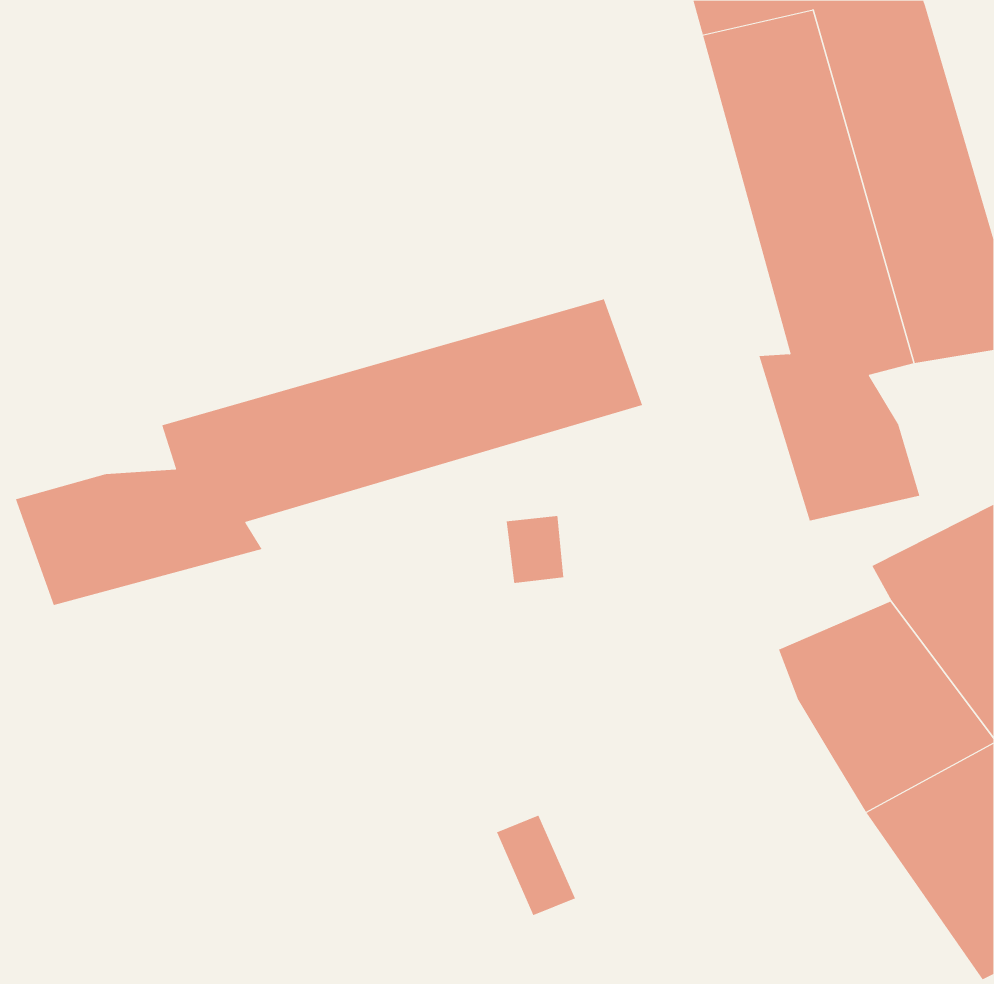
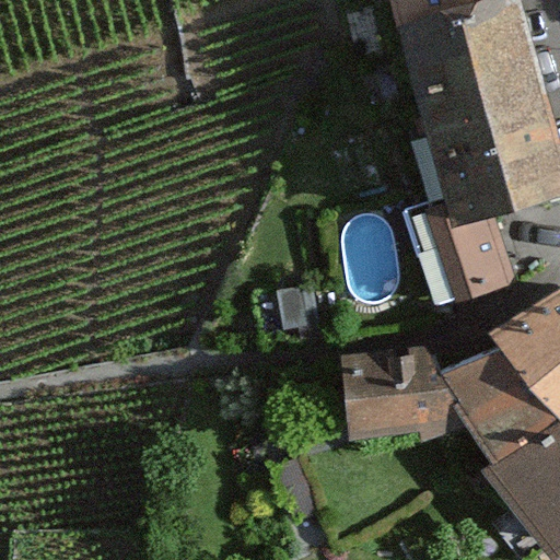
building: [15,298,643,606] -> none
building: none -> [341,350,468,443]

